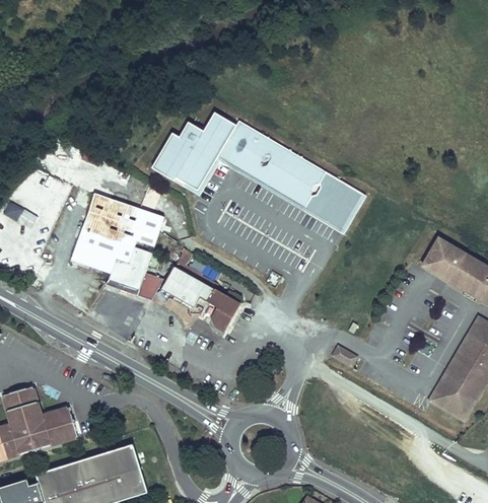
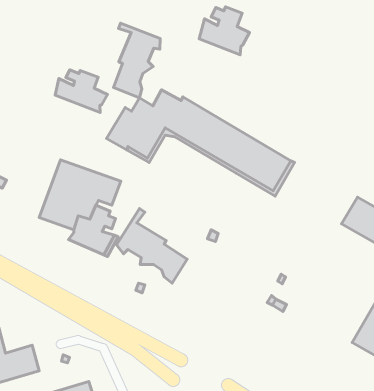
building: none -> [199,7,249,55]
building: none -> [113,23,160,98]
building: none -> [55,70,108,113]

